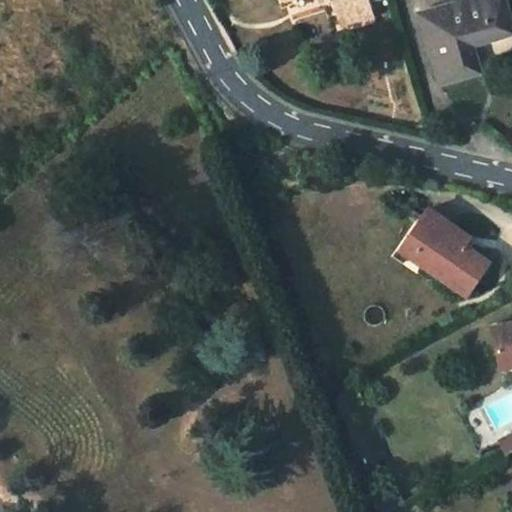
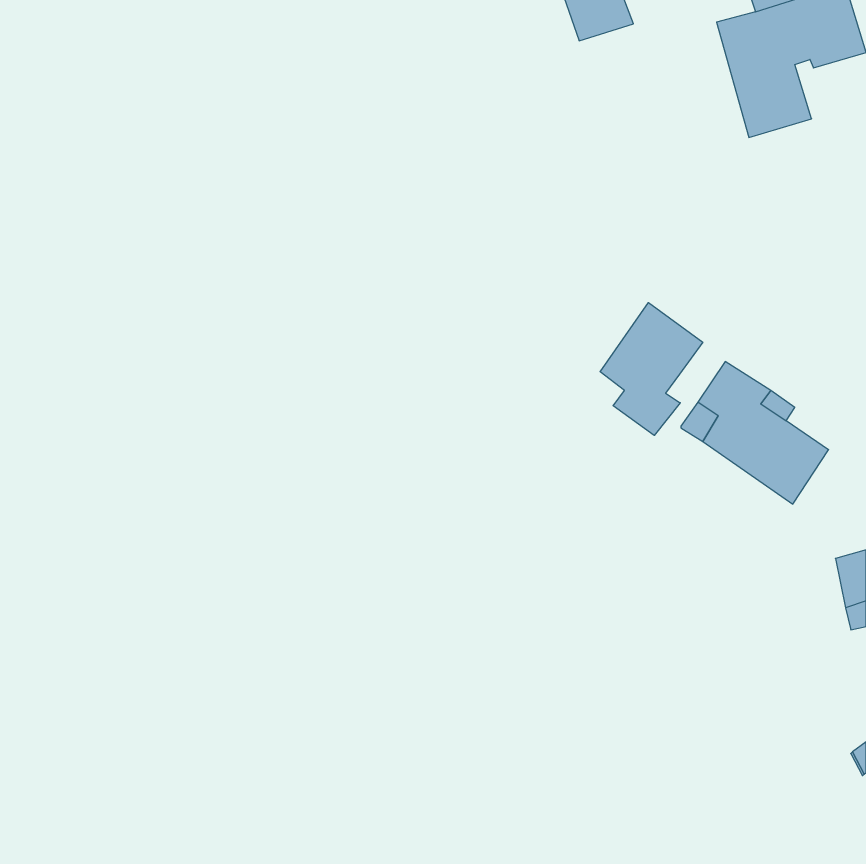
building: none -> [600,303,703,435]

